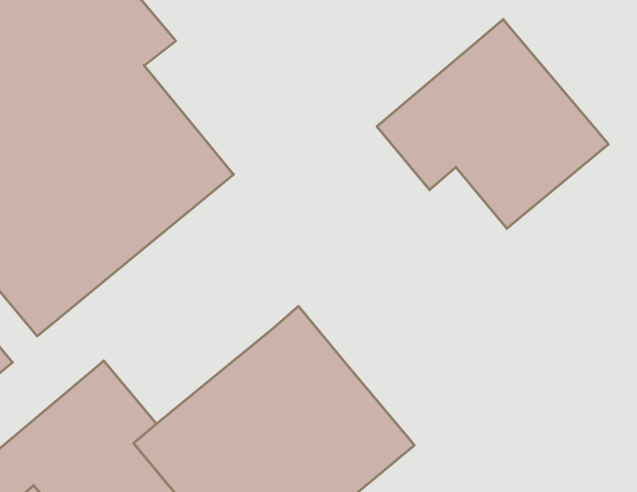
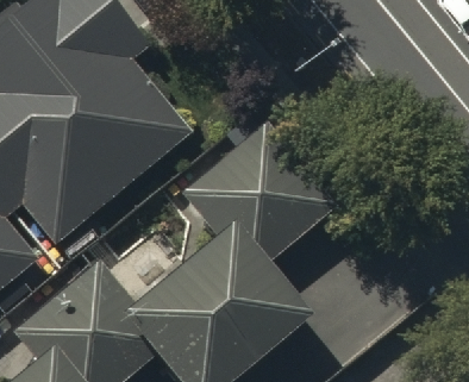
building: [377,19,608,229] -> [181,123,338,264]

